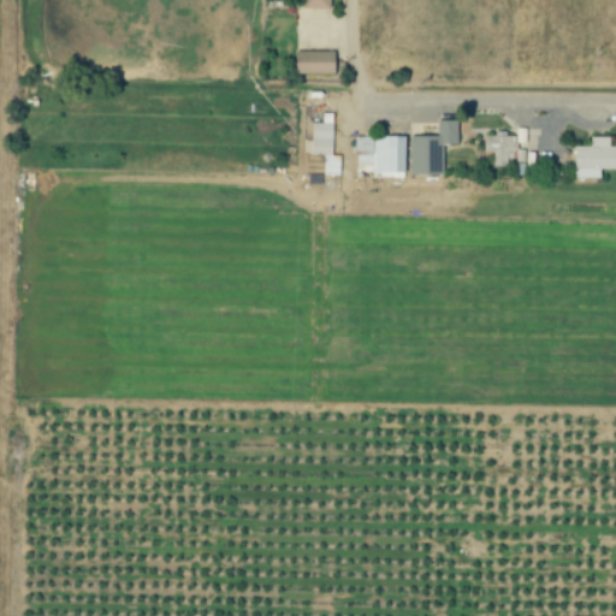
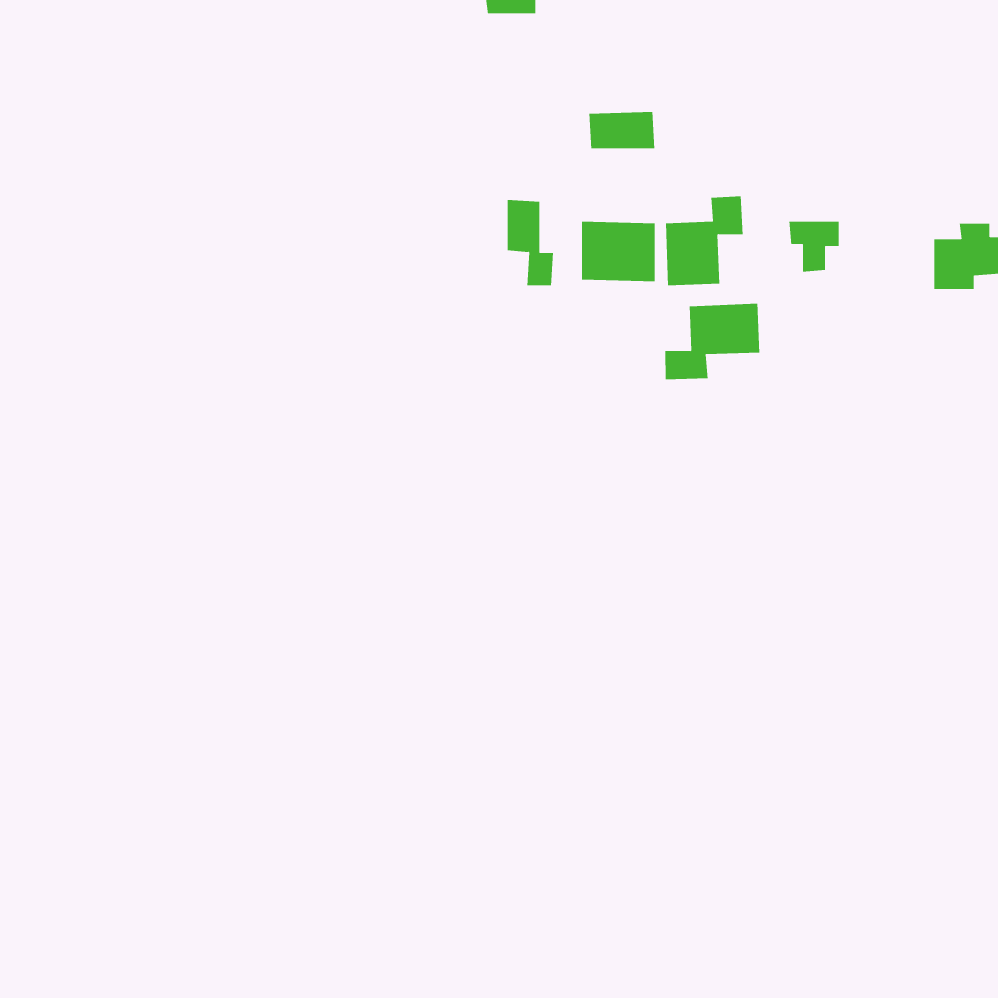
building: [295,51,336,73] -> [589,112,655,149]
building: none -> [665,303,760,380]

